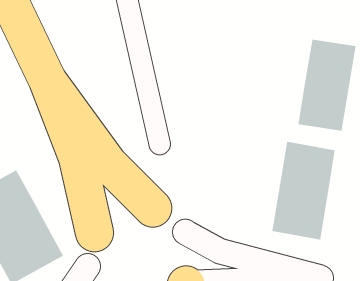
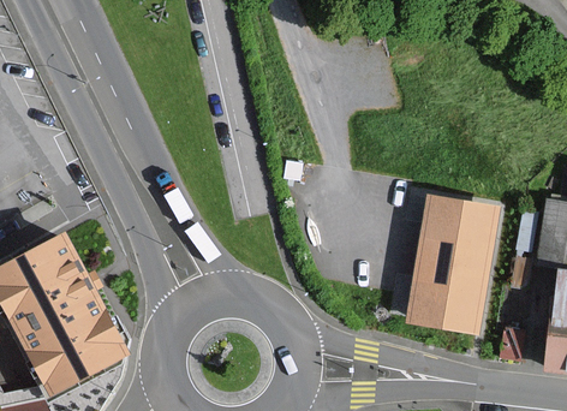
building: [298,39,356,131] -> none

